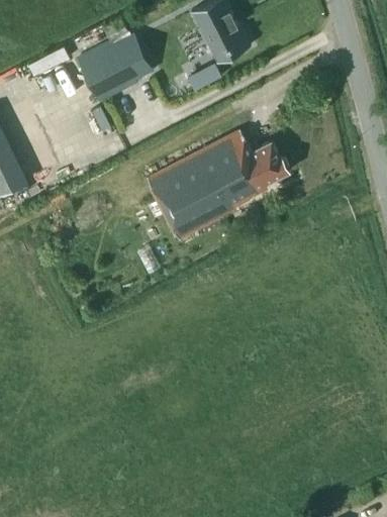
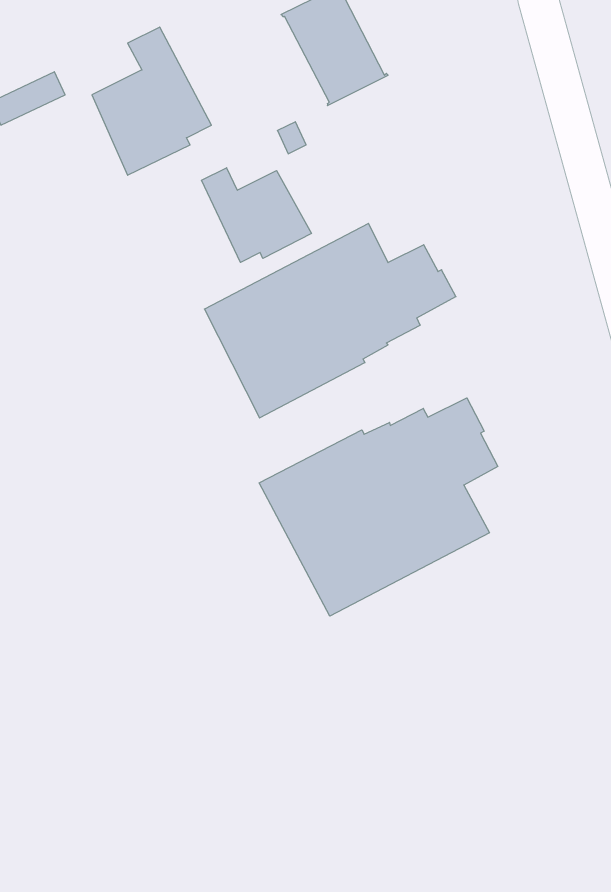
building: none -> [201,168,311,262]
building: none -> [259,398,498,616]

